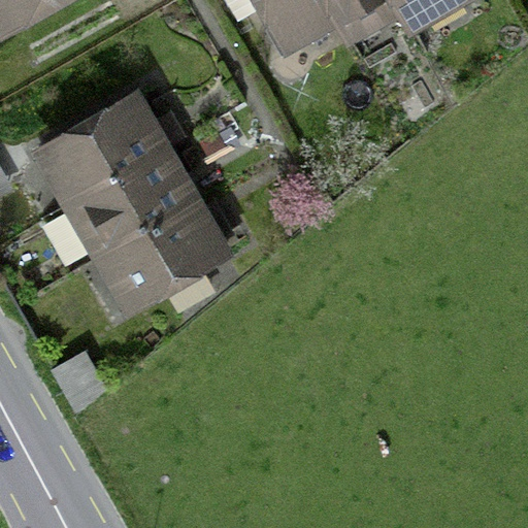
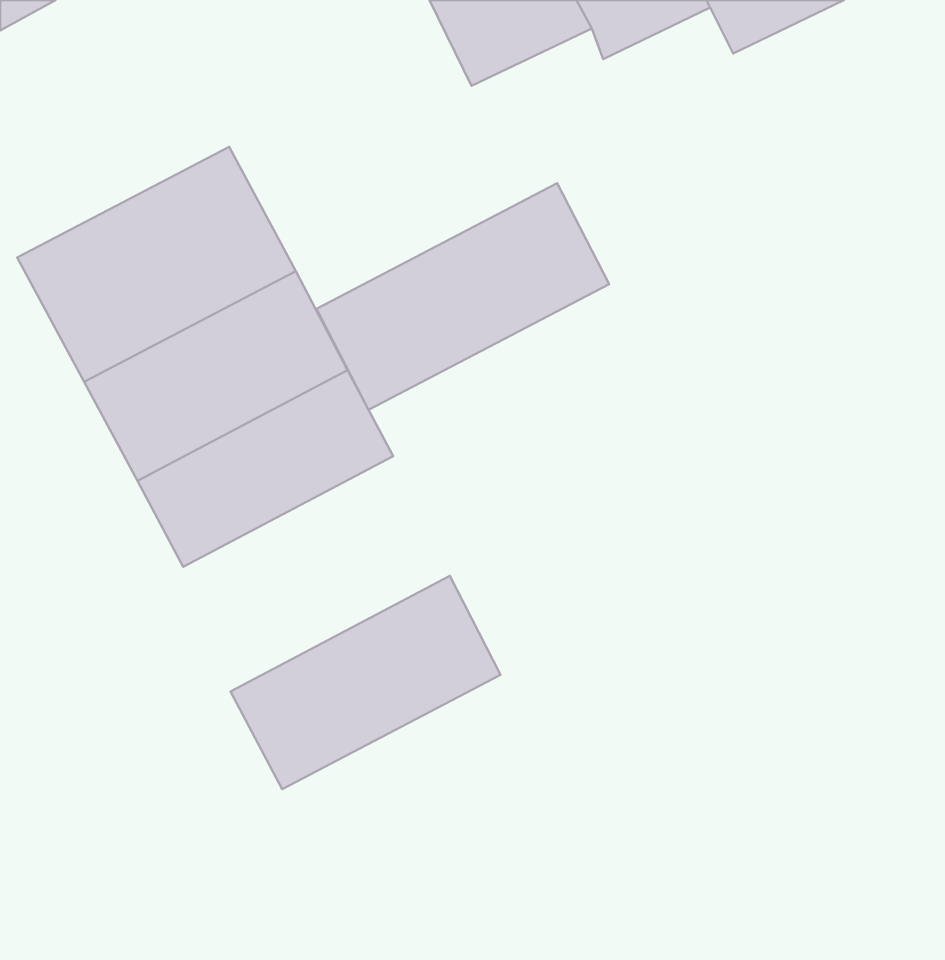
building: none -> [316,183,609,410]
building: none -> [230,576,501,789]

